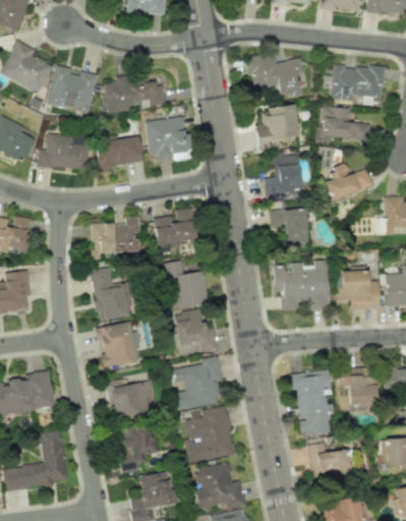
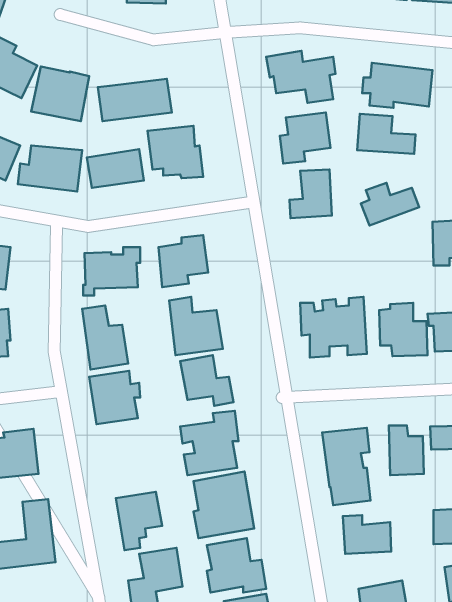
building: [270,208,309,246] -> none
building: [109,379,153,417] -> none

